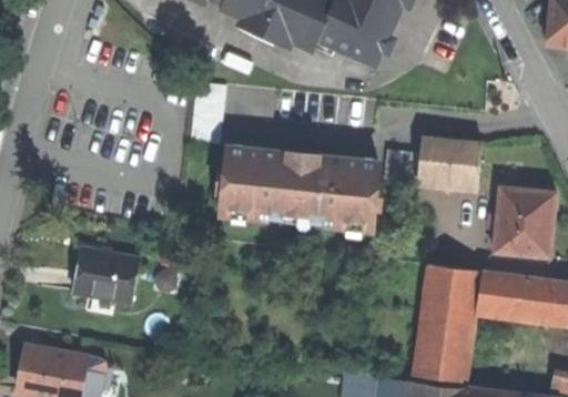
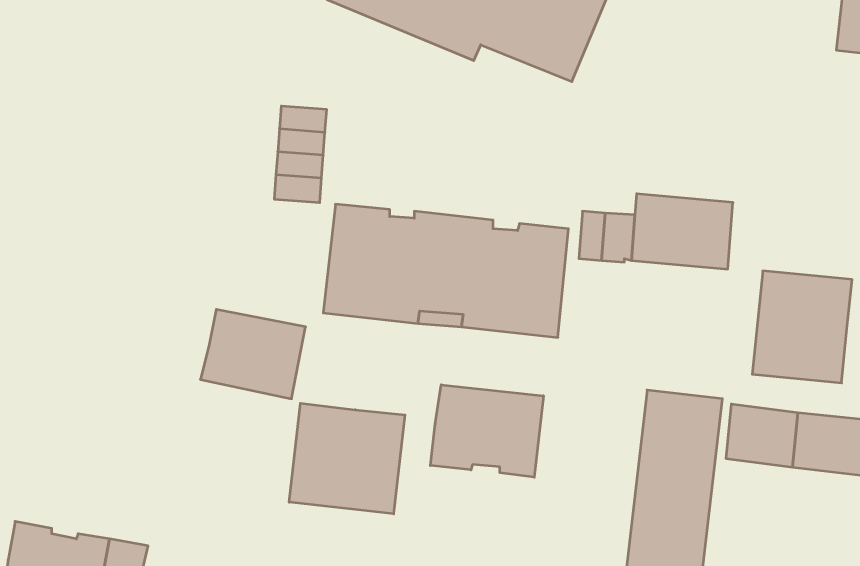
building: [71,251,138,307] -> [200,309,306,399]
building: none -> [430,385,543,477]
building: none -> [289,403,405,514]

